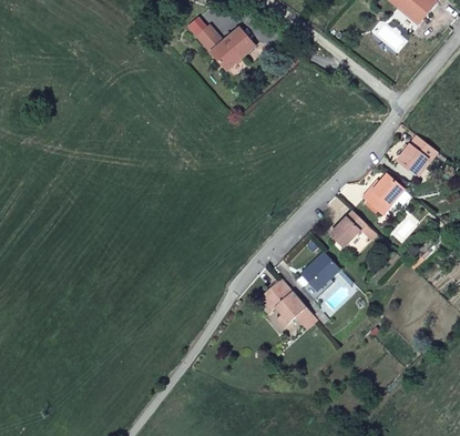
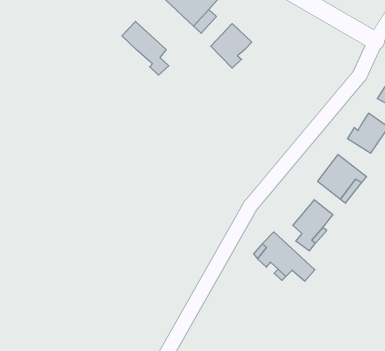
building: none -> [122,21,169,75]
building: none -> [211,24,252,68]

